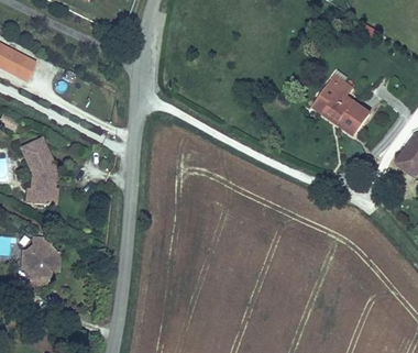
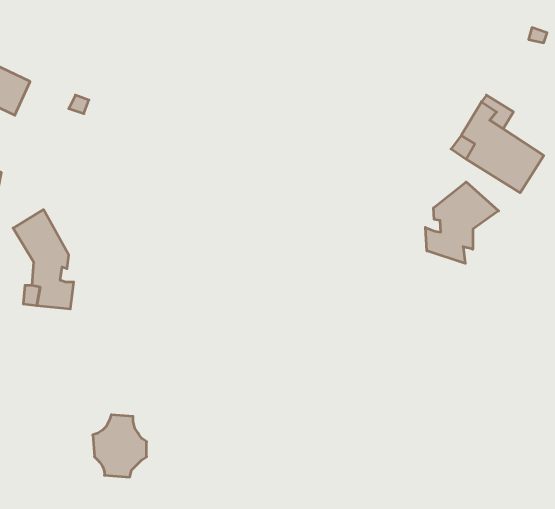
building: none -> [425,182,499,263]
building: [24,242,59,283] -> [93,415,147,477]

